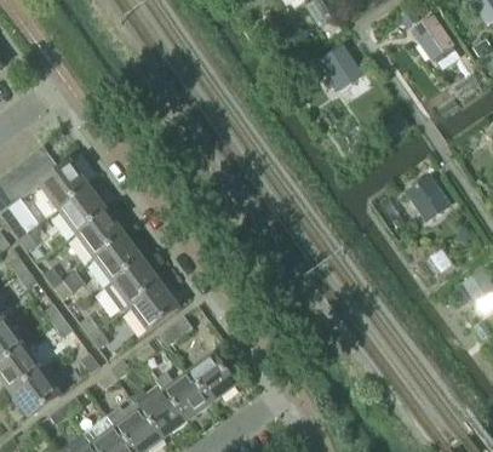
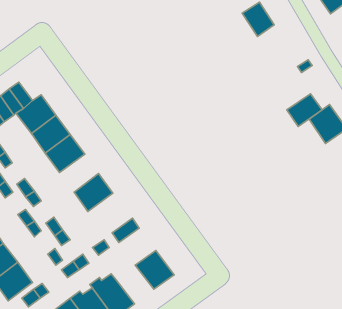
building: none -> [287,94,322,126]
building: [93,235,142,282] -> none
building: [128,284,178,331] -> none
building: [154,371,211,422] -> none

